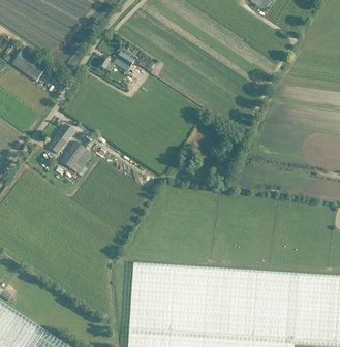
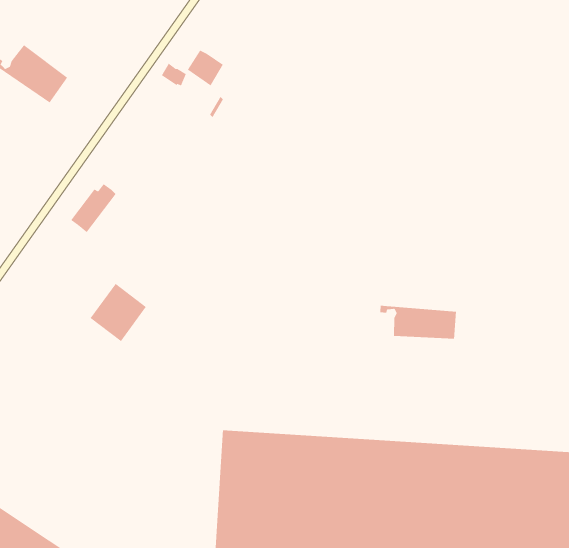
building: [60,140,92,174] -> [90,283,147,342]
building: none -> [380,305,457,339]

